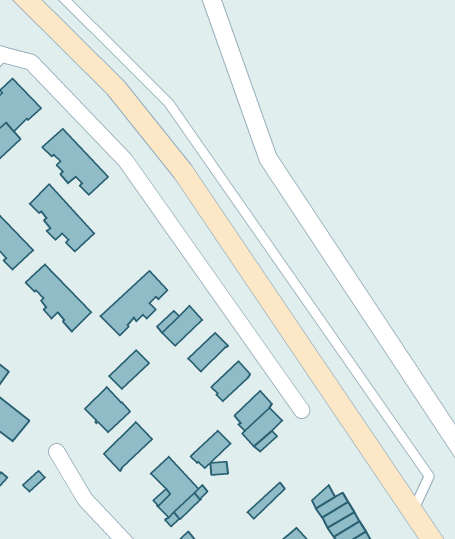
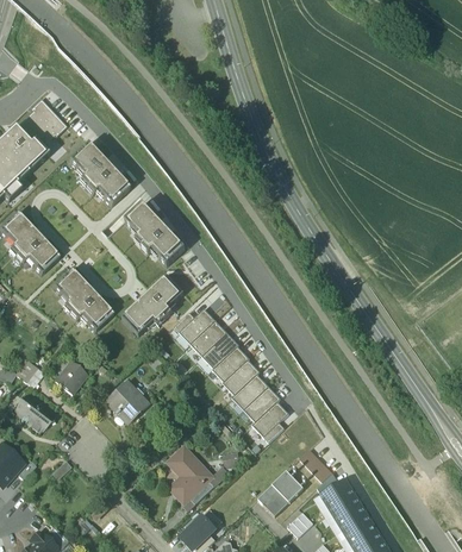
building: [30,184,94,251] -> [124,202,183,264]
building: none -> [212,345,248,381]
building: [109,350,149,389] -> [189,320,226,356]
building: none -> [54,362,85,394]
building: [104,422,152,471] -> none
building: [191,431,231,468] -> [231,374,268,408]
building: none -> [262,476,302,516]

